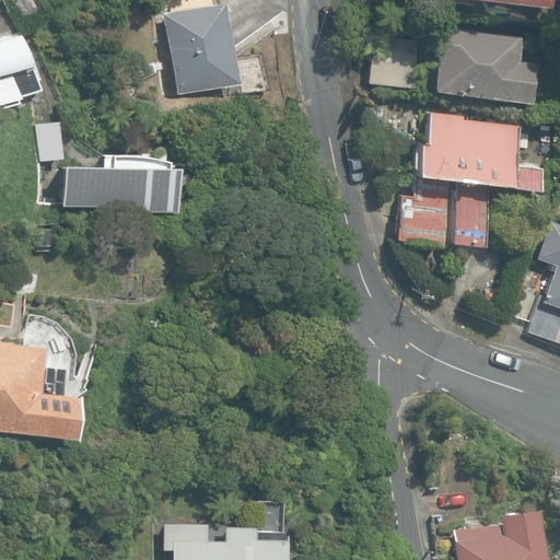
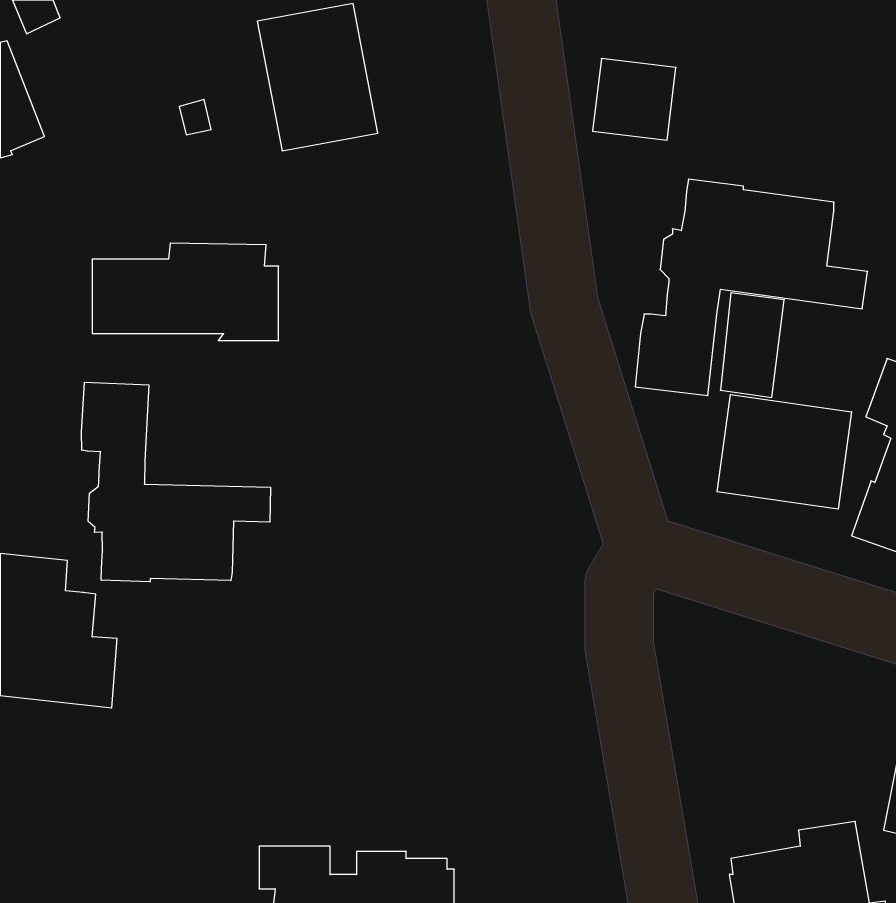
building: [436,28,538,104] -> none
building: none -> [81,382,270,582]
building: none -> [717,395,851,509]

